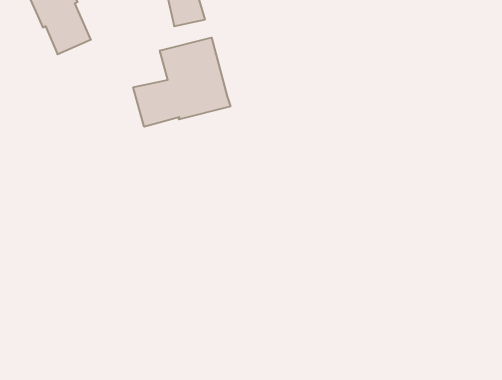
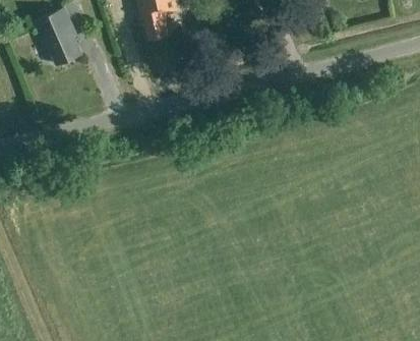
building: [133,38,230,127] -> none

